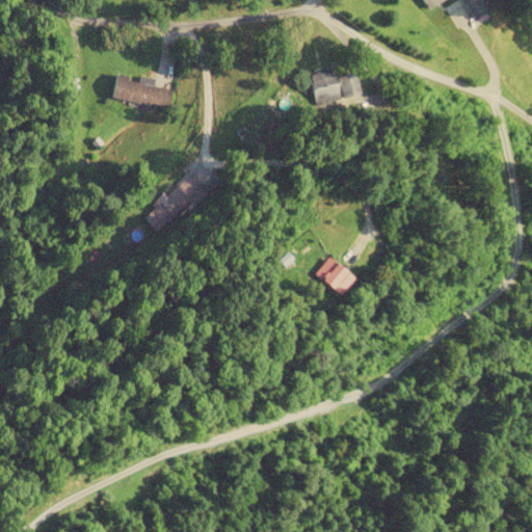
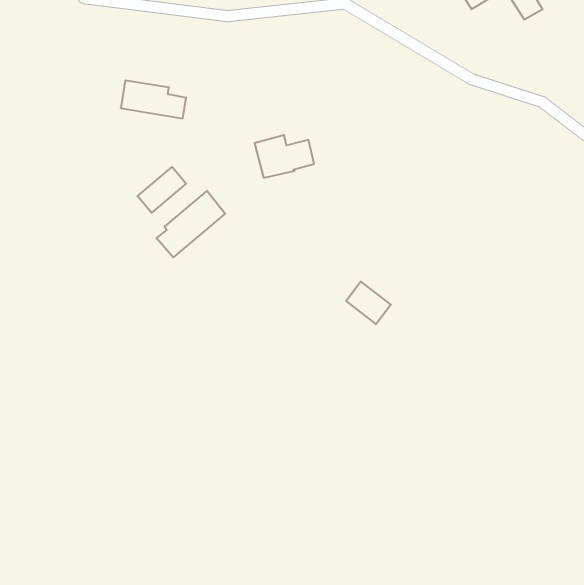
building: [308,68,362,106] -> [254,135,314,178]
building: none -> [138,167,186,213]

